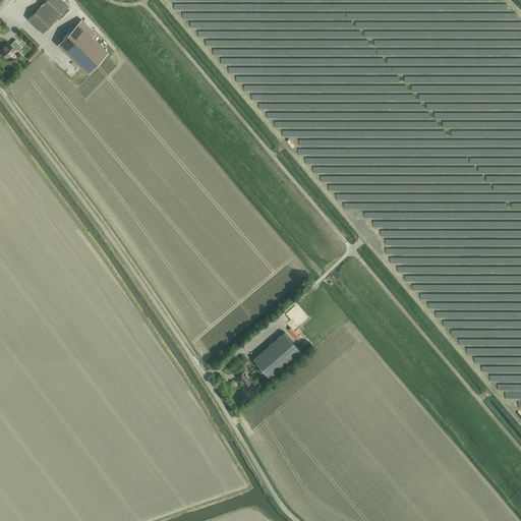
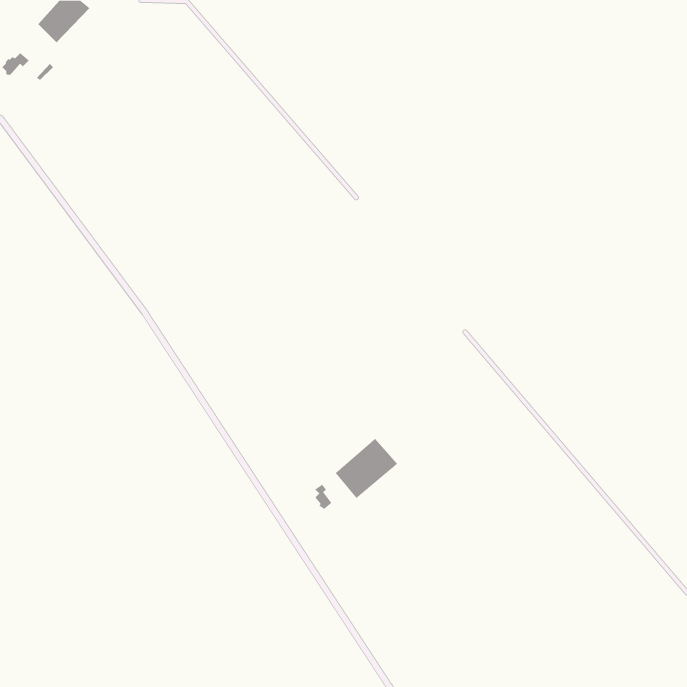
building: [58,23,107,71] -> none

